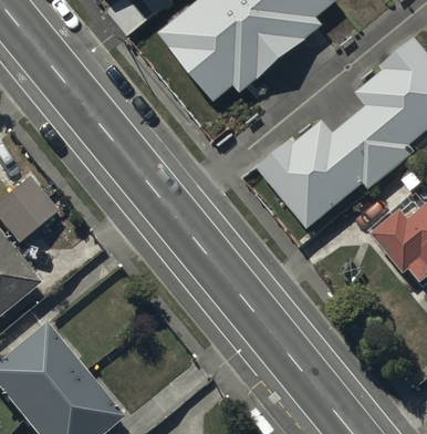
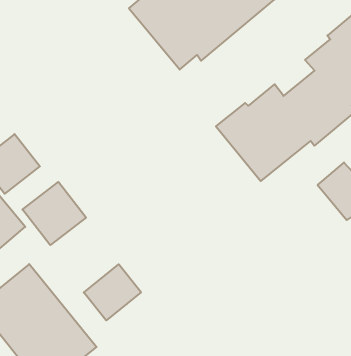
building: none -> [22,182,86,245]
building: none -> [84,264,141,320]

